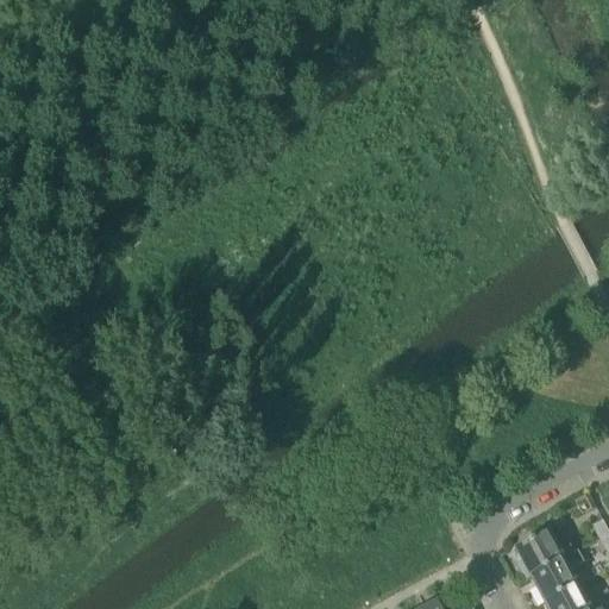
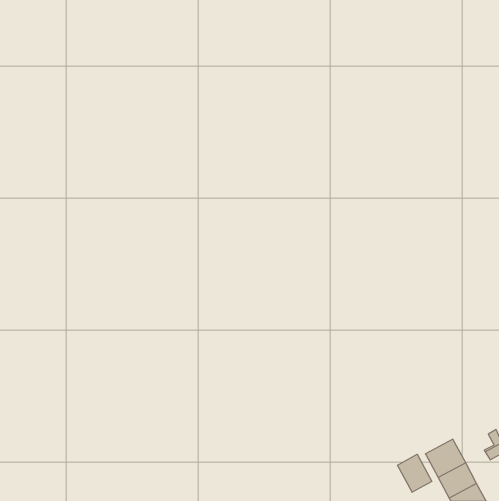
building: none -> [398,454,432,492]

